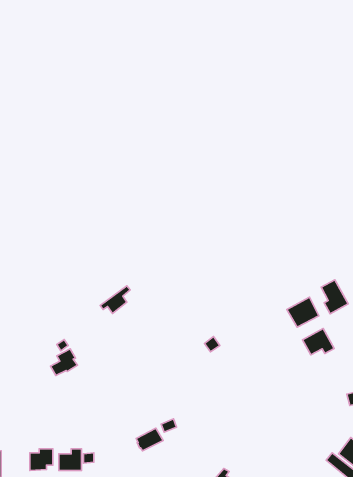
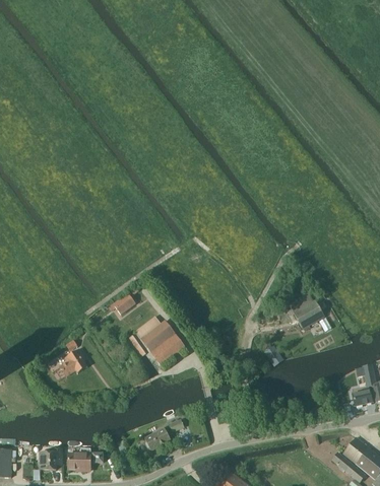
building: [321,280,348,314] -> none
building: none -> [134,316,185,365]
building: [302,328,334,355] -> none

